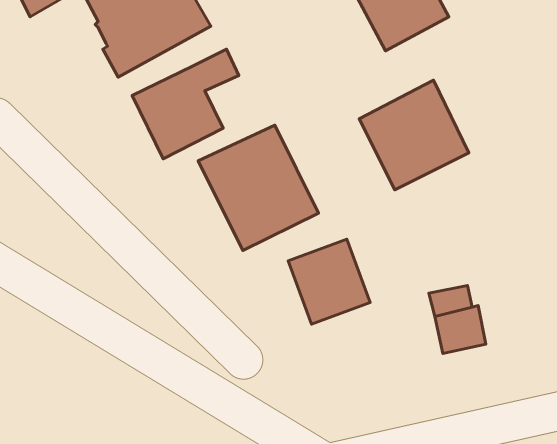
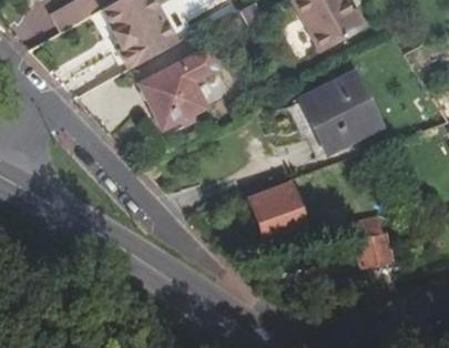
building: [198,125,318,250] -> none

